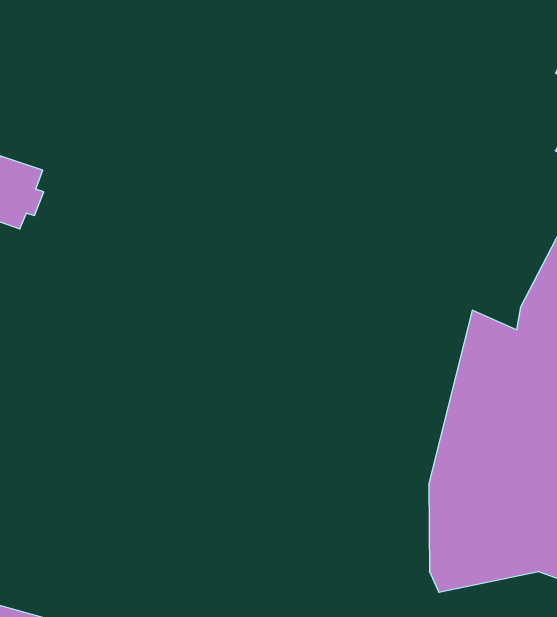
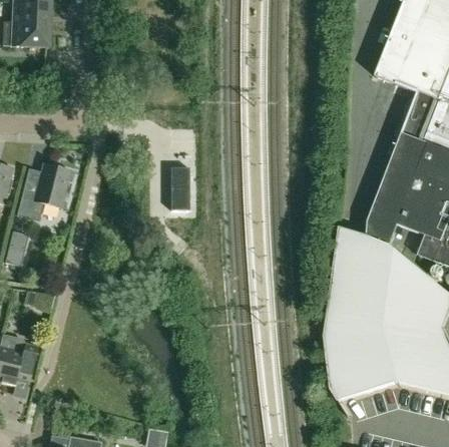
building: none -> [170,166,188,207]

